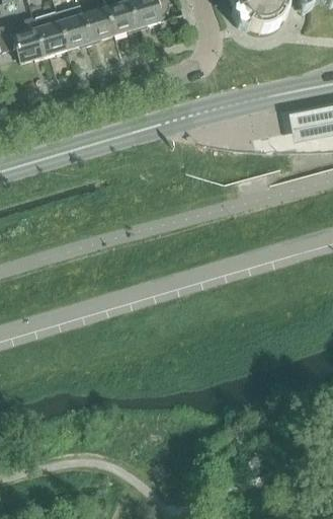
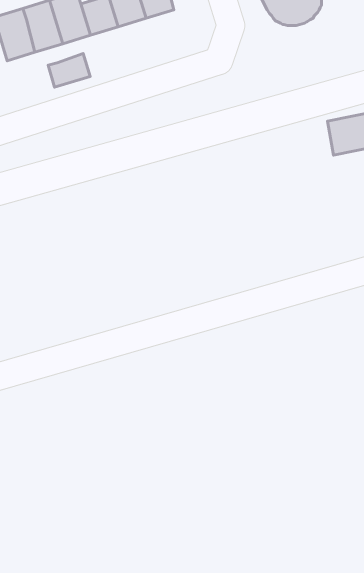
building: none -> [48,53,90,87]

